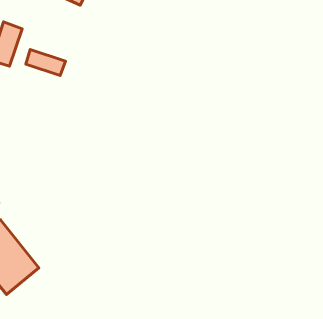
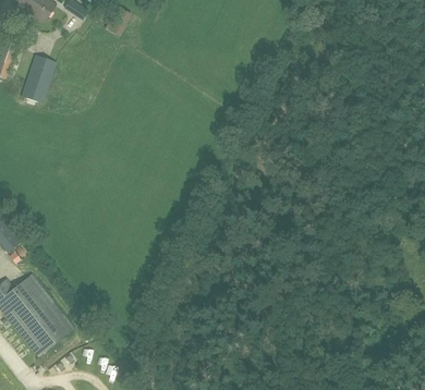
building: [26,49,65,75] -> none

